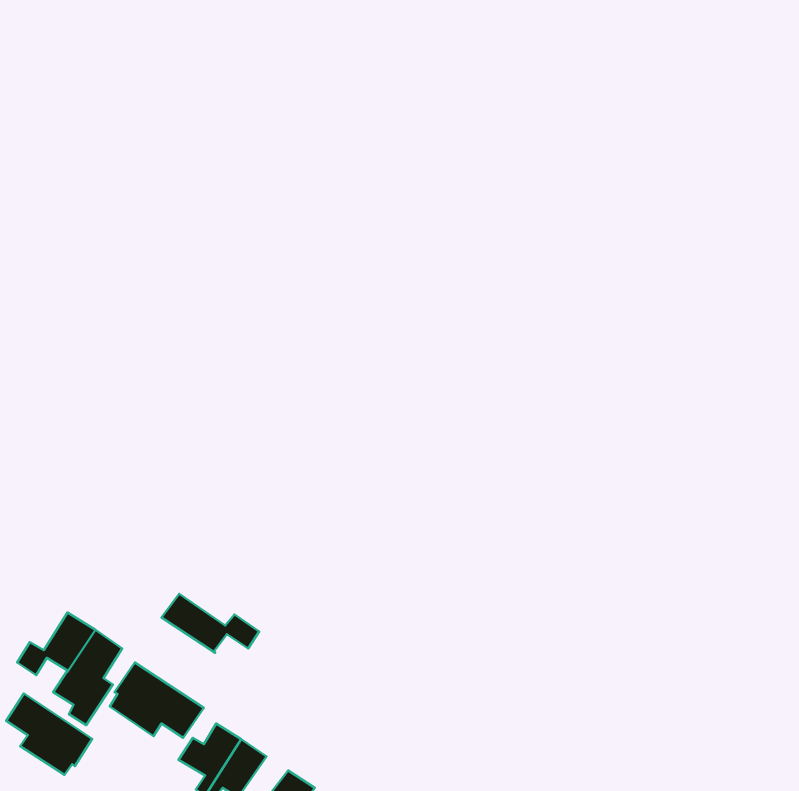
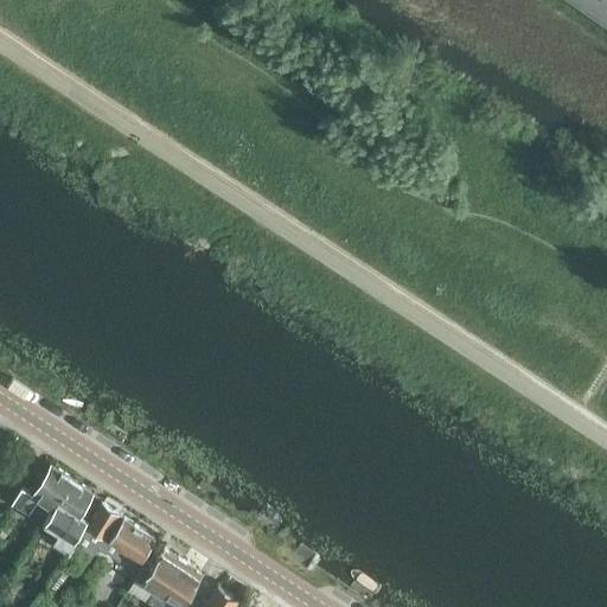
building: [162,594,259,653] -> none
building: [6,693,92,775] -> none

